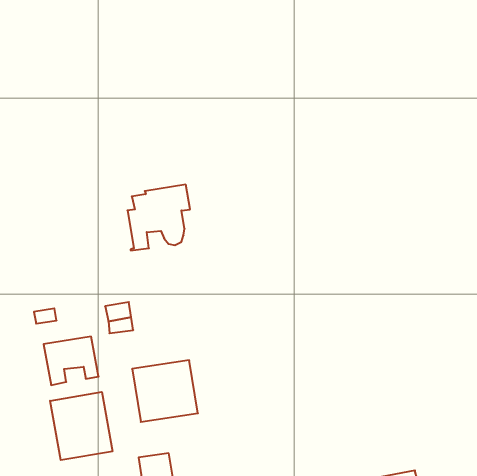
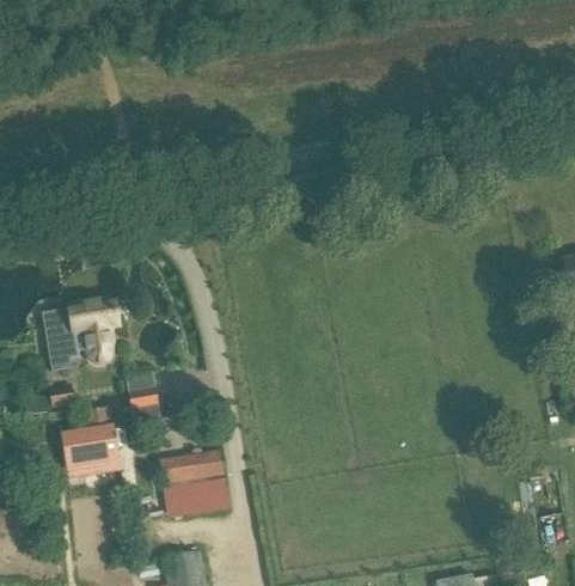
building: [127,185,190,250] -> [47,295,116,368]
building: [50,392,112,460] -> none

